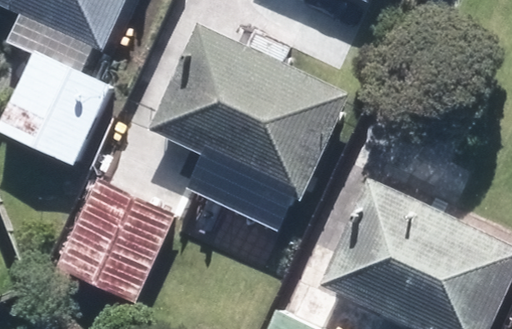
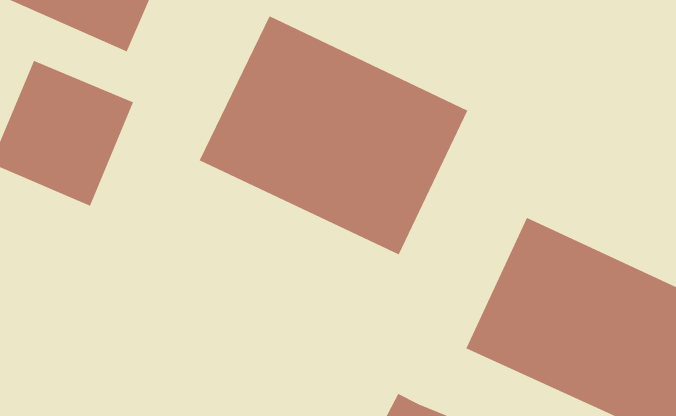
building: [56,185,169,303] -> none

